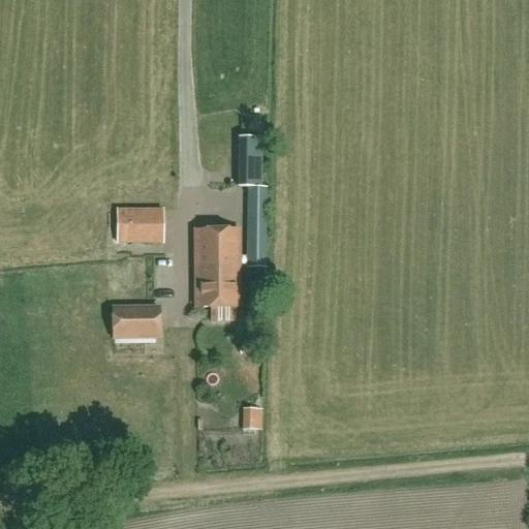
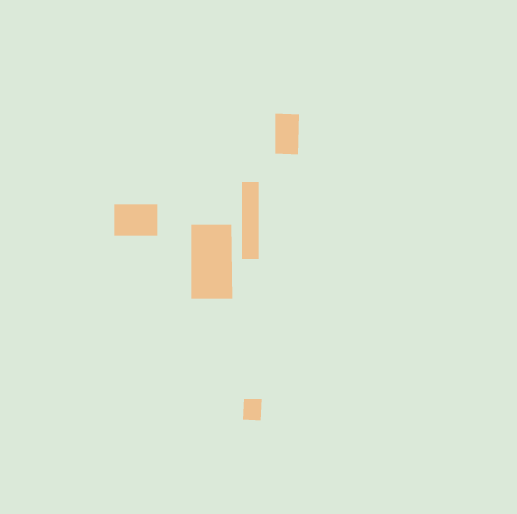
building: [238,136,263,179] -> [275,113,300,155]
building: [113,306,159,336] -> none

